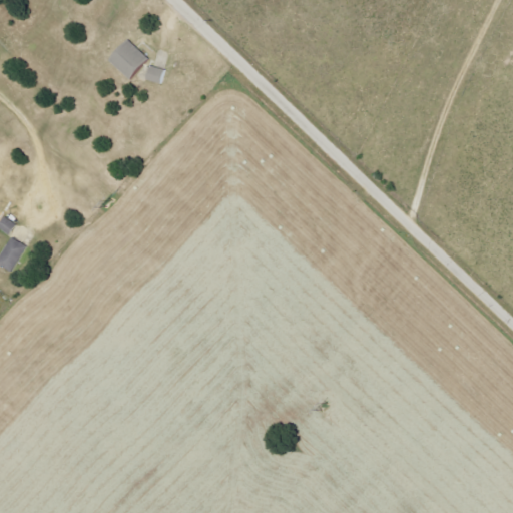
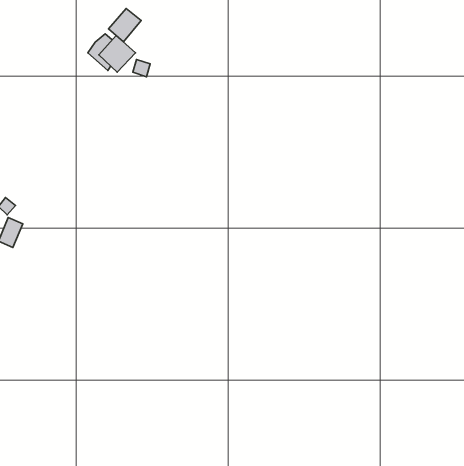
building: none -> [108,8,141,42]

